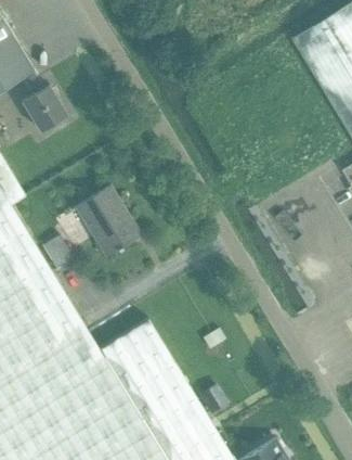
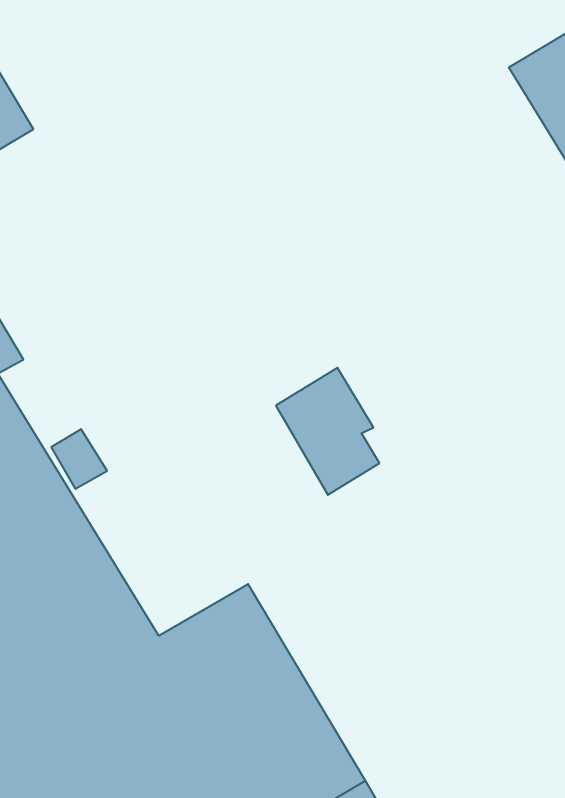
building: [21,74,66,132] -> none
building: [76,188,132,257] -> [276,368,379,495]

